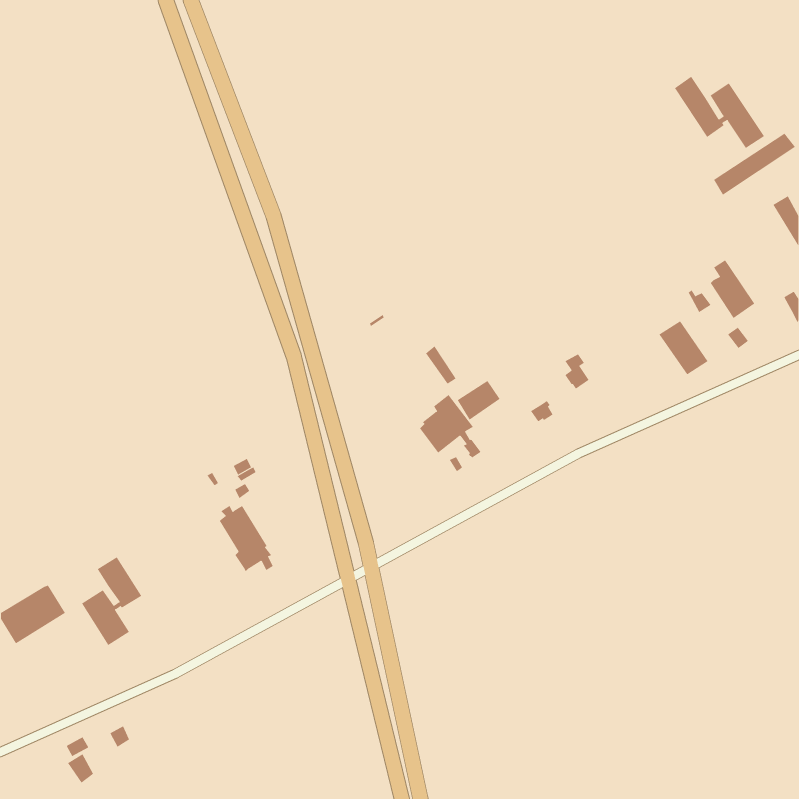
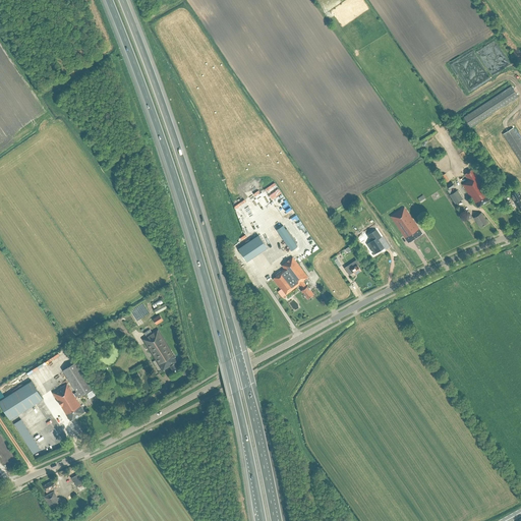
building: [674,76,765,149] -> none
building: [659,321,709,375] -> [390,207,422,242]
building: [457,380,500,421] -> [238,235,267,262]

